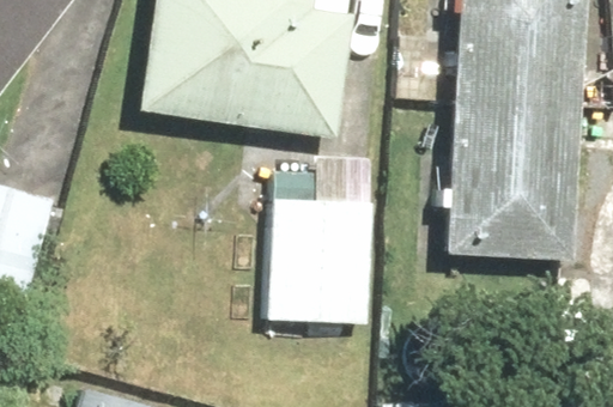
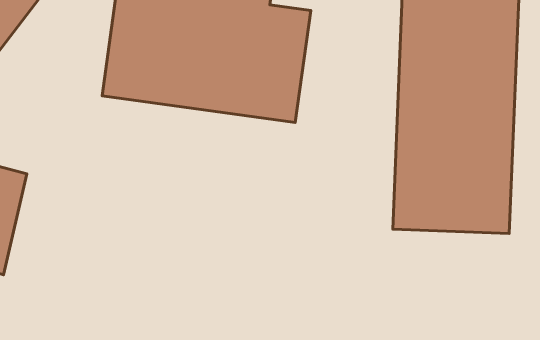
building: [265,148,378,320] -> none

